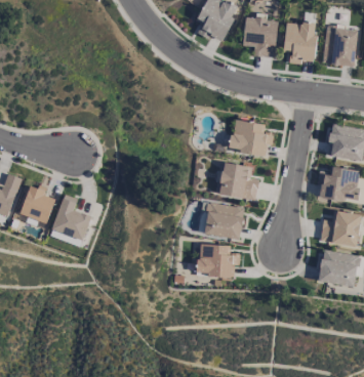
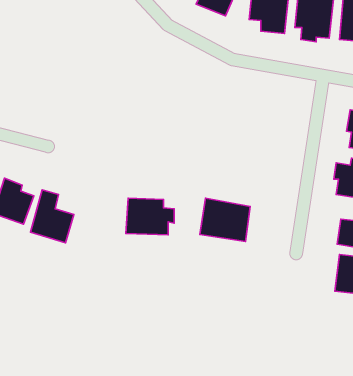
building: [230,119,271,156] -> none
building: [218,162,258,200] -> none
building: [197,244,239,276] -> [126,198,174,235]

